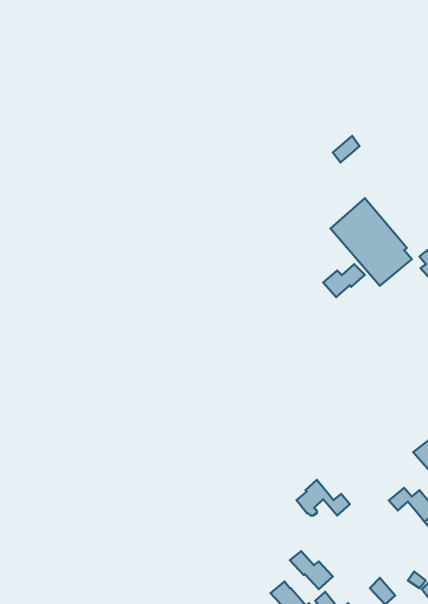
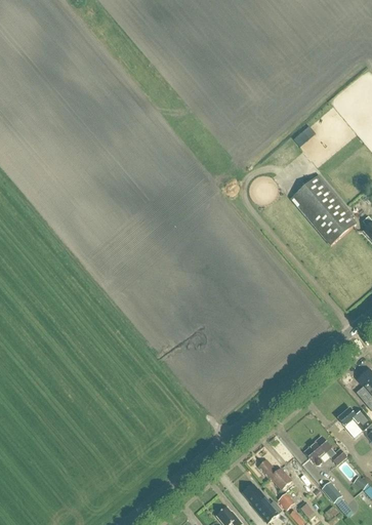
building: [323,264,365,297] -> none
building: [297,480,350,516] -> [304,436,347,465]

